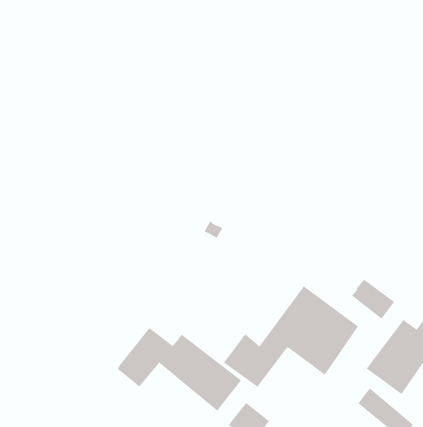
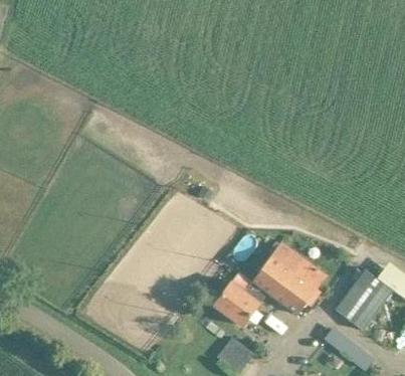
building: [351,279,395,320] -> none
building: [117,327,242,411] -> none

